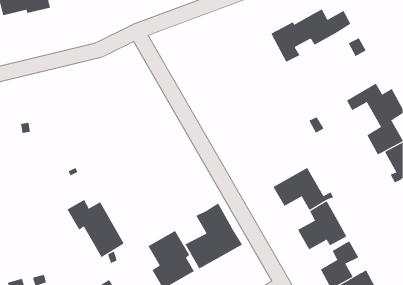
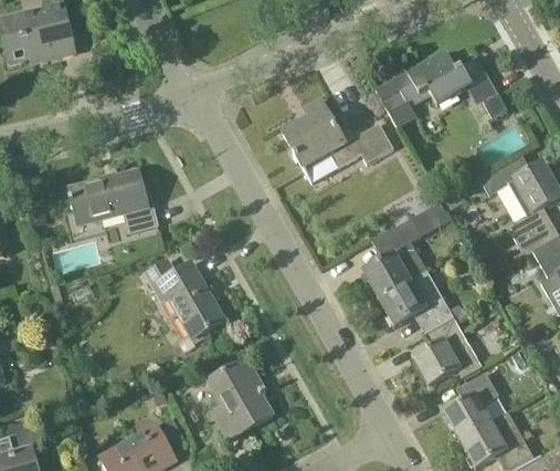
building: none -> [283,101,393,182]
building: none -> [68,170,158,233]
building: none -> [362,216,427,299]
building: [67,199,125,258] -> [145,259,224,339]
building: [184,202,243,270] -> none

